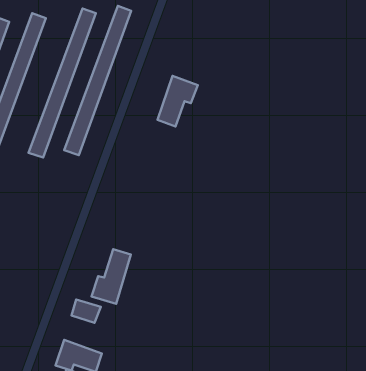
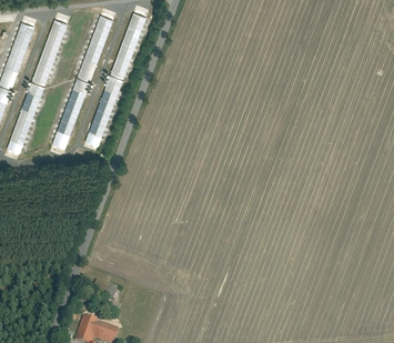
building: [157,76,198,126] -> none
building: [92,249,131,304] -> none

